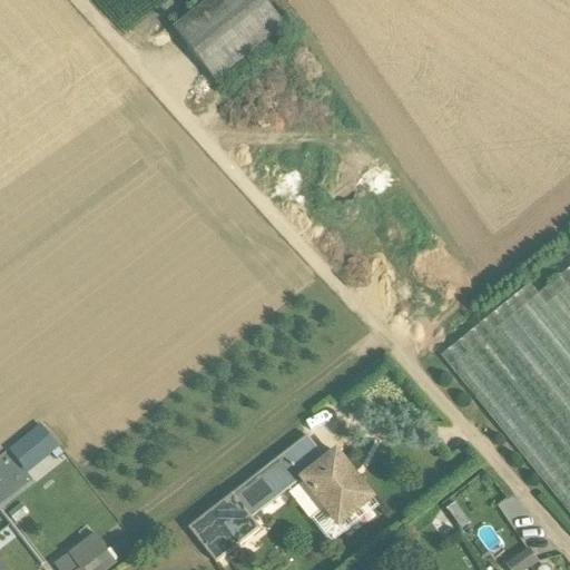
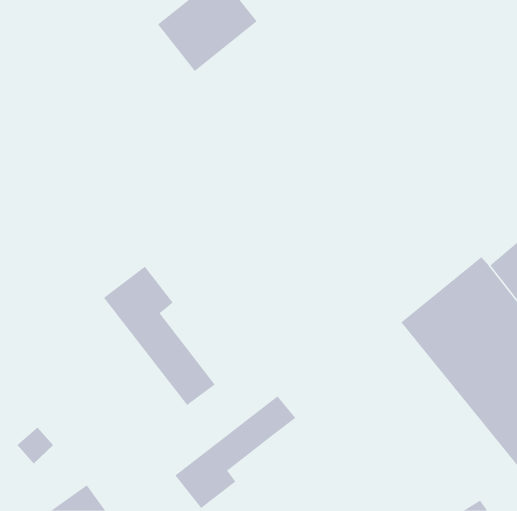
building: none -> [103,266,215,406]
building: [18,423,59,464] -> [16,427,54,464]
building: [302,451,372,523] -> none

